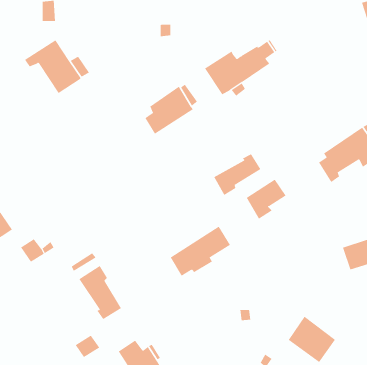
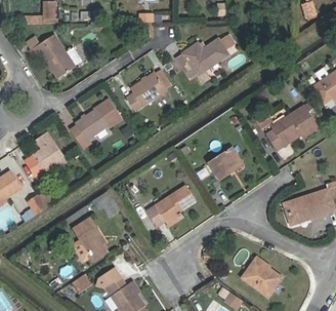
building: none -> [70,98,121,147]
building: [214,153,261,196] -> none
building: none -> [25,132,64,177]

